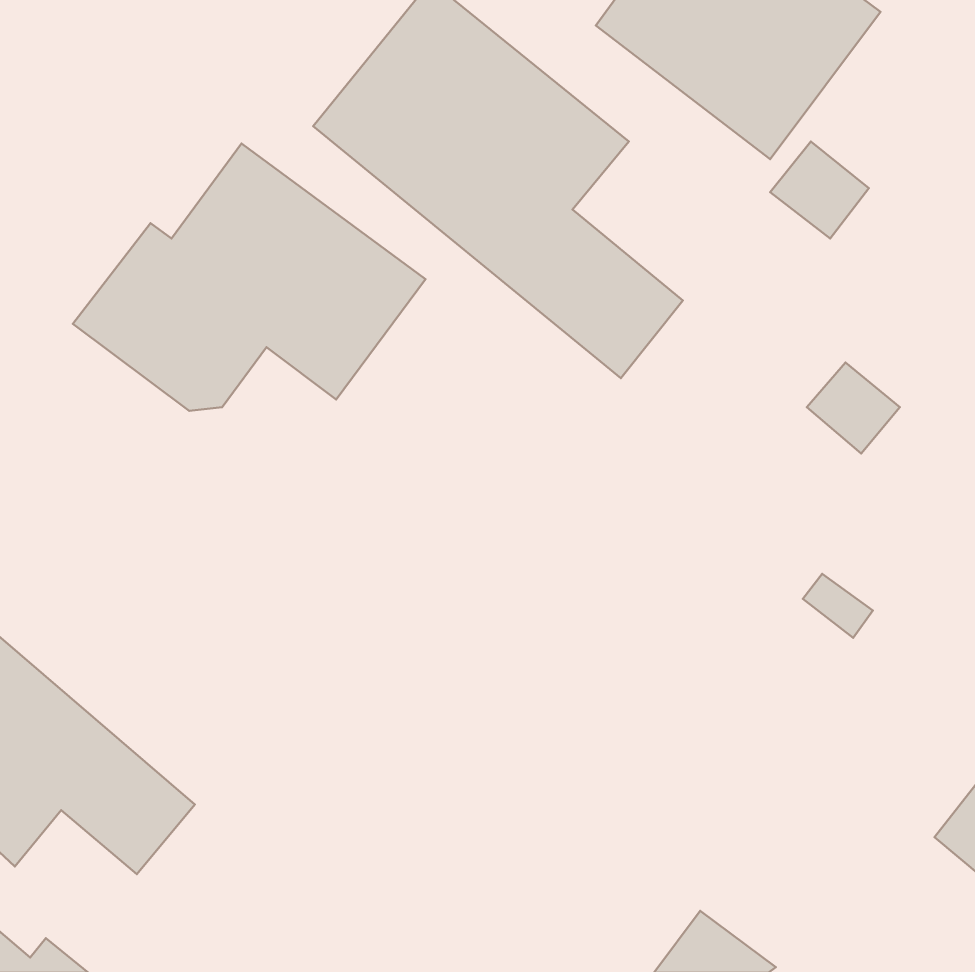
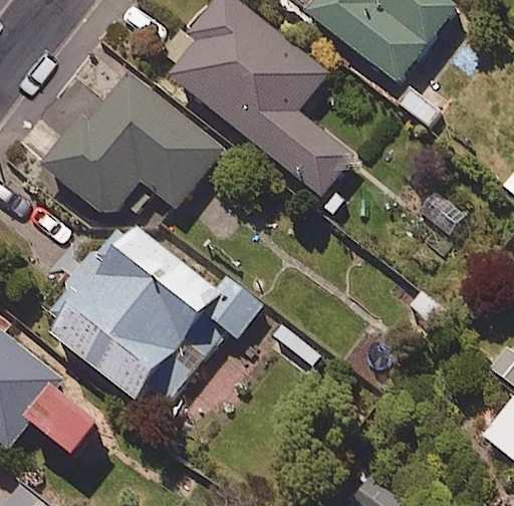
building: none -> [52,219,267,400]

